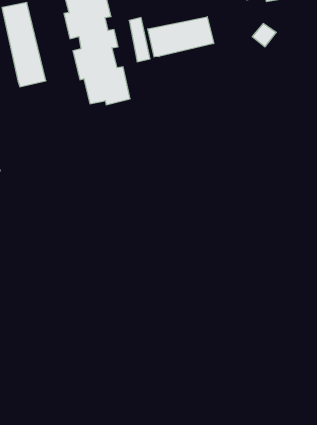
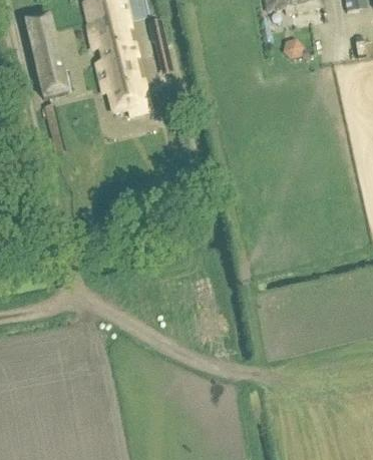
building: [148,17,214,57] -> none

